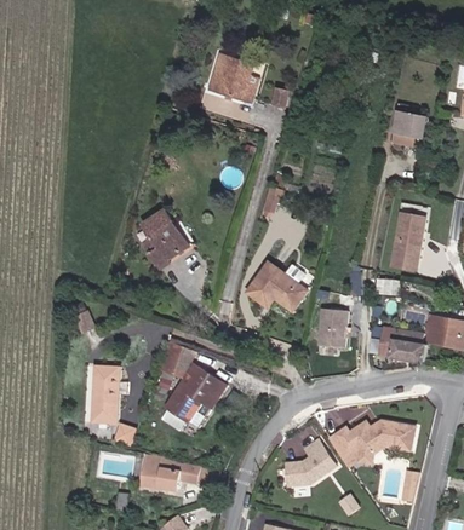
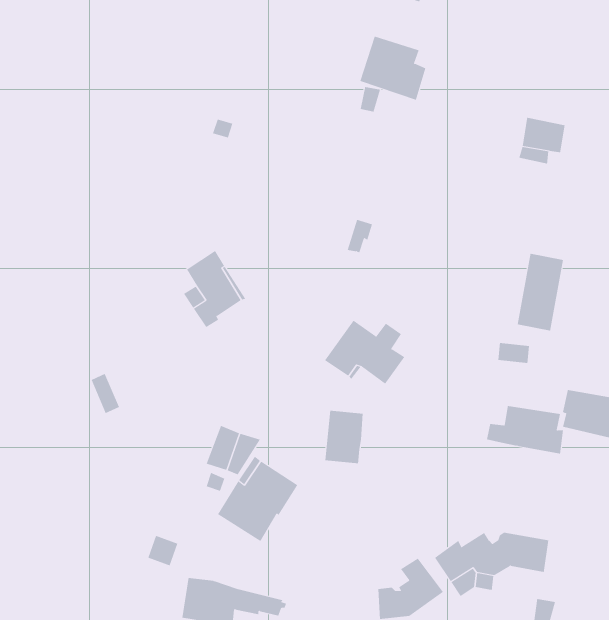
building: [208,53,258,102] -> [360,36,426,101]
building: [317,307,346,347] -> [325,410,364,464]
building: [91,364,126,424] -> none

